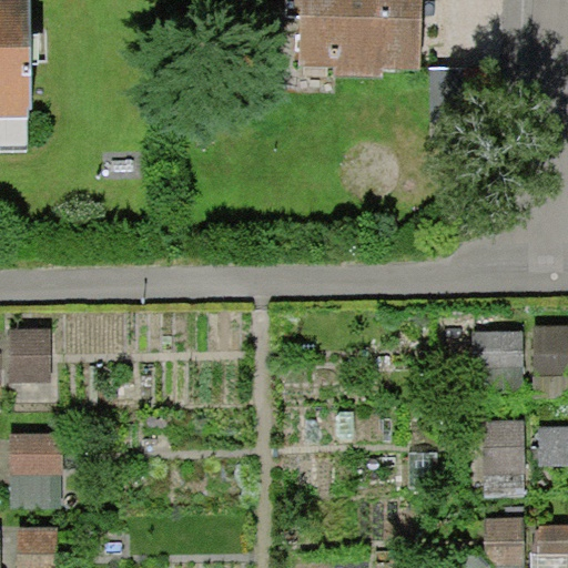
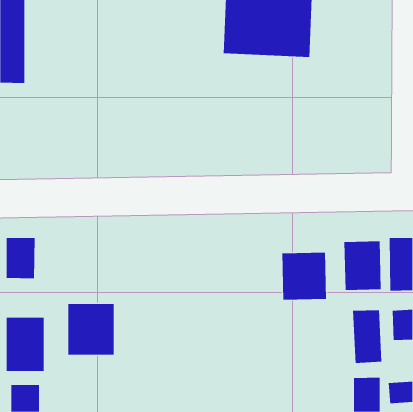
building: none -> [282,252,326,300]
building: none -> [68,303,114,355]

